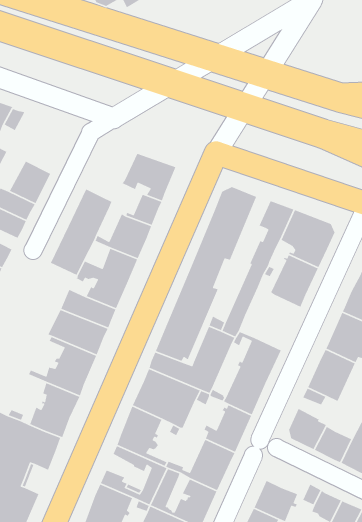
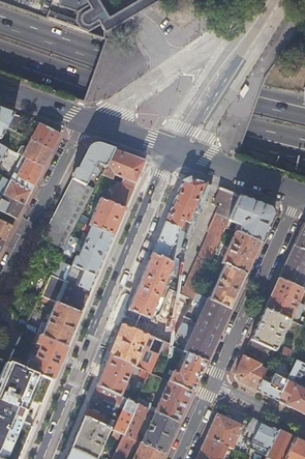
building: none -> [23,122,61,166]
building: none -> [73,143,115,184]
building: none -> [202,264,246,309]

